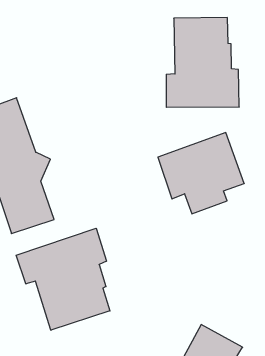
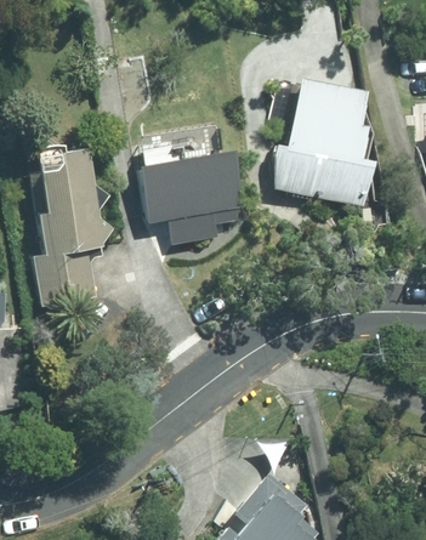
building: [158,133,244,214] -> [142,152,245,246]
building: [16,228,110,330] -> none

